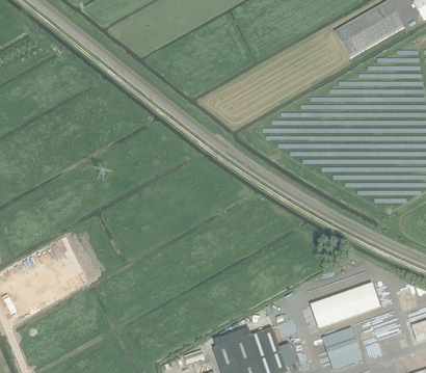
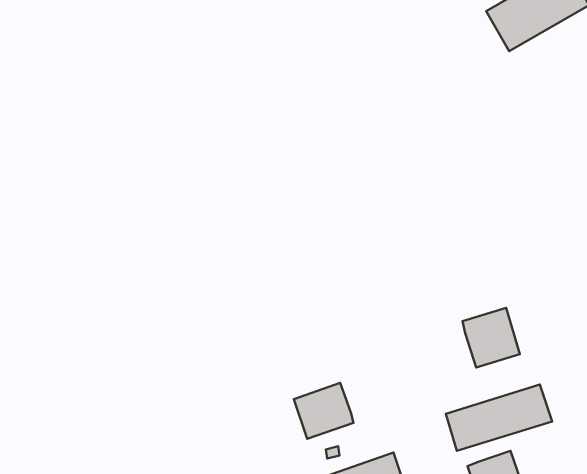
building: none -> [462,308,520,367]
building: none -> [294,383,354,439]

